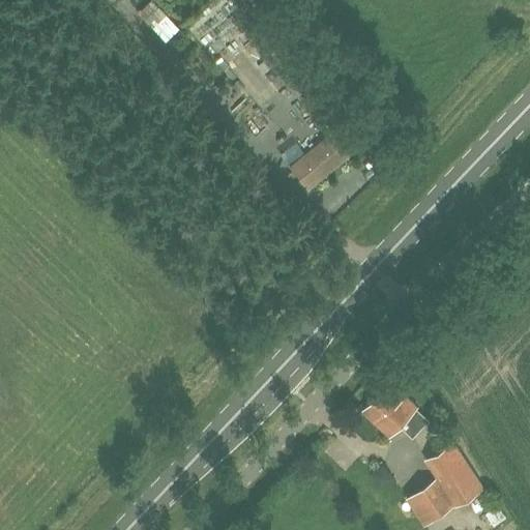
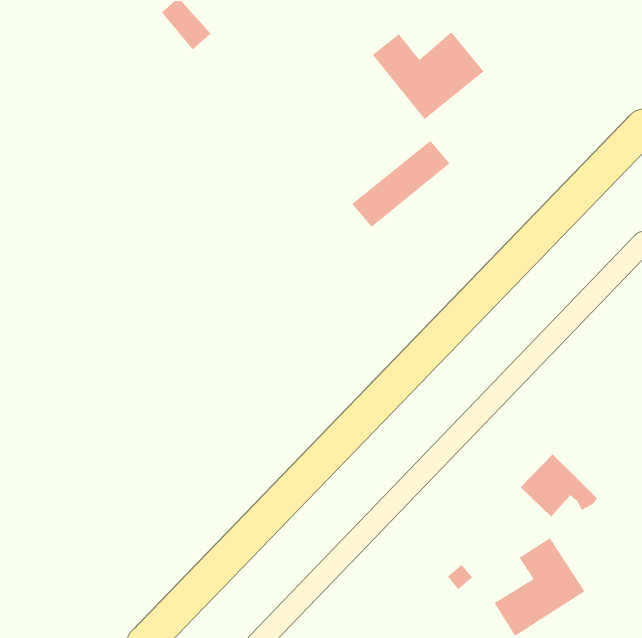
building: none -> [372,31,485,120]
building: [364,386,429,439] -> [520,453,598,518]

